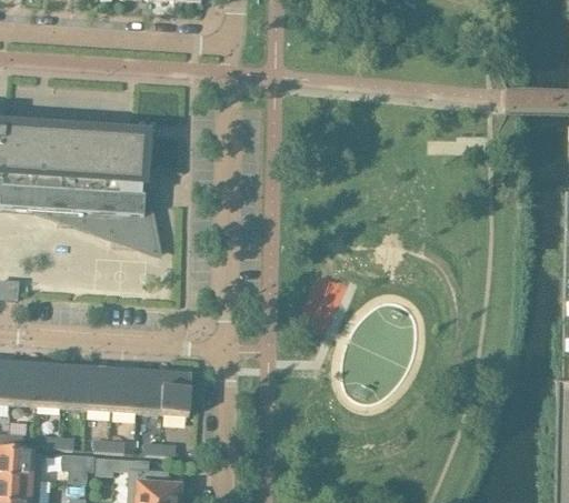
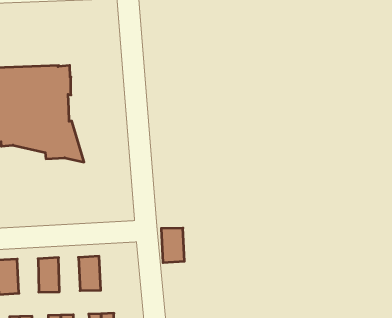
building: [59,363,87,406] -> none
building: [109,366,137,410] -> none
building: [160,370,189,413] -> [161,228,184,263]

